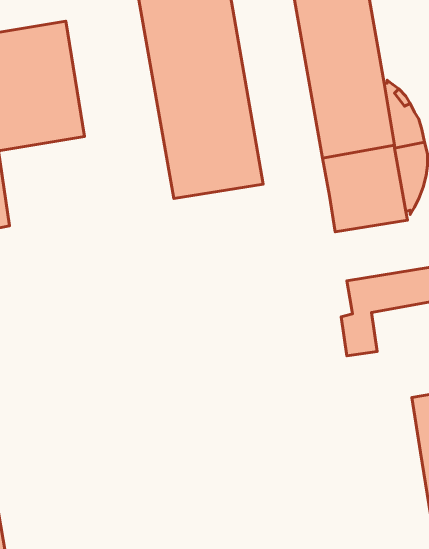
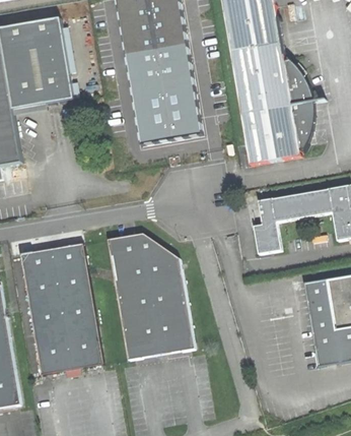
building: none -> [109,236,194,359]
building: none -> [20,243,102,373]

